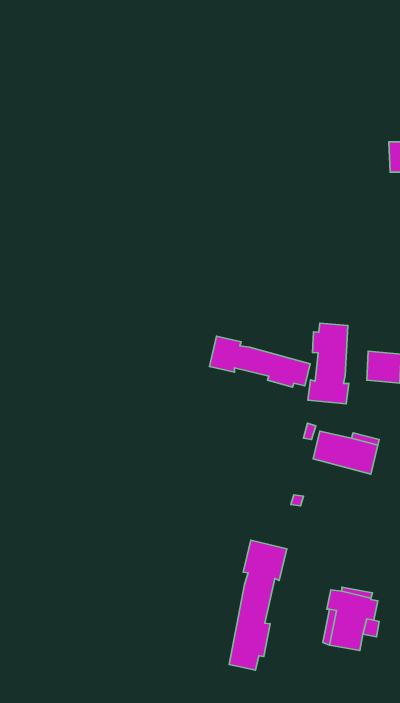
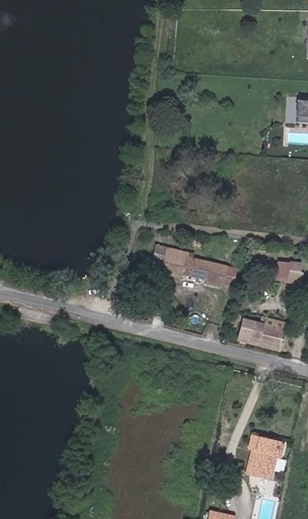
building: [308,323,349,404] -> none
building: [229,540,287,670] -> none

